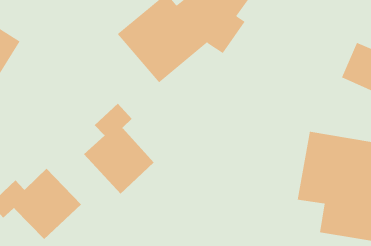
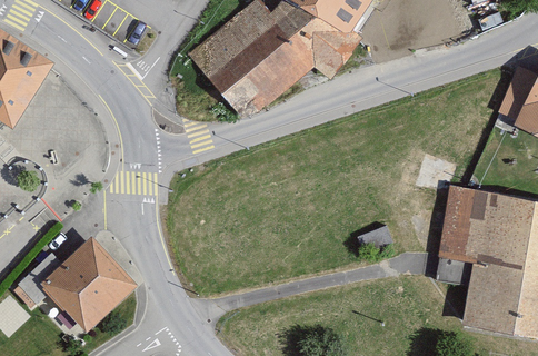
building: [83,103,155,194] -> none

